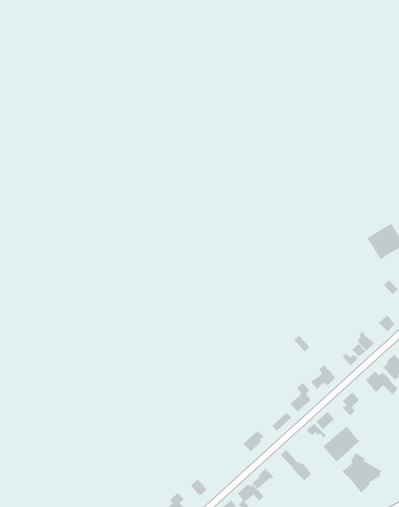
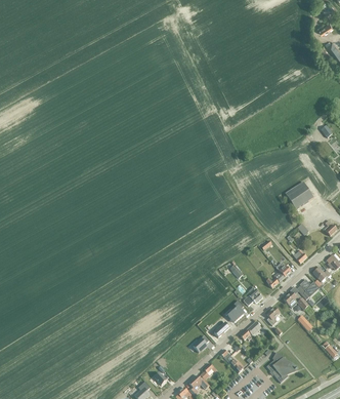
building: [323,425,360,463] -> none

